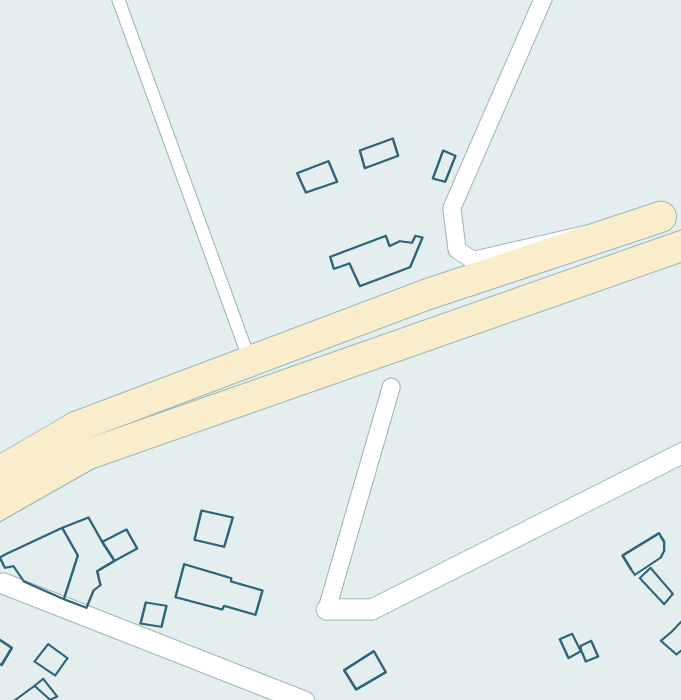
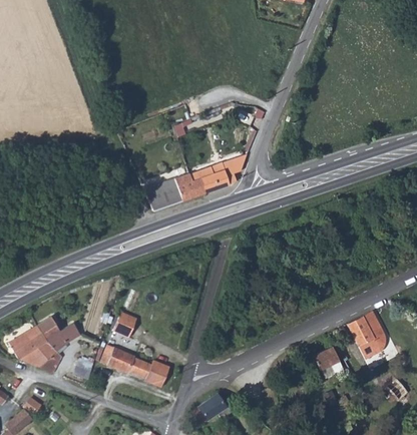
building: none -> [144,170,208,207]
building: none -> [349,312,381,343]
building: none -> [313,343,344,375]
building: none -> [148,358,170,384]

